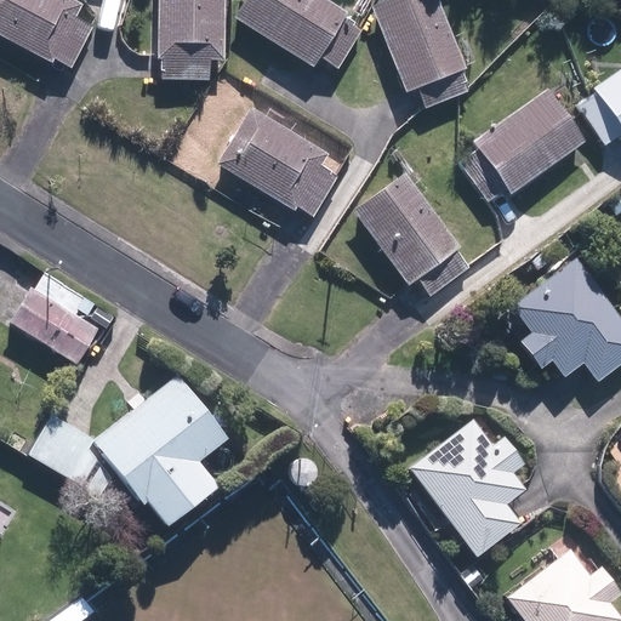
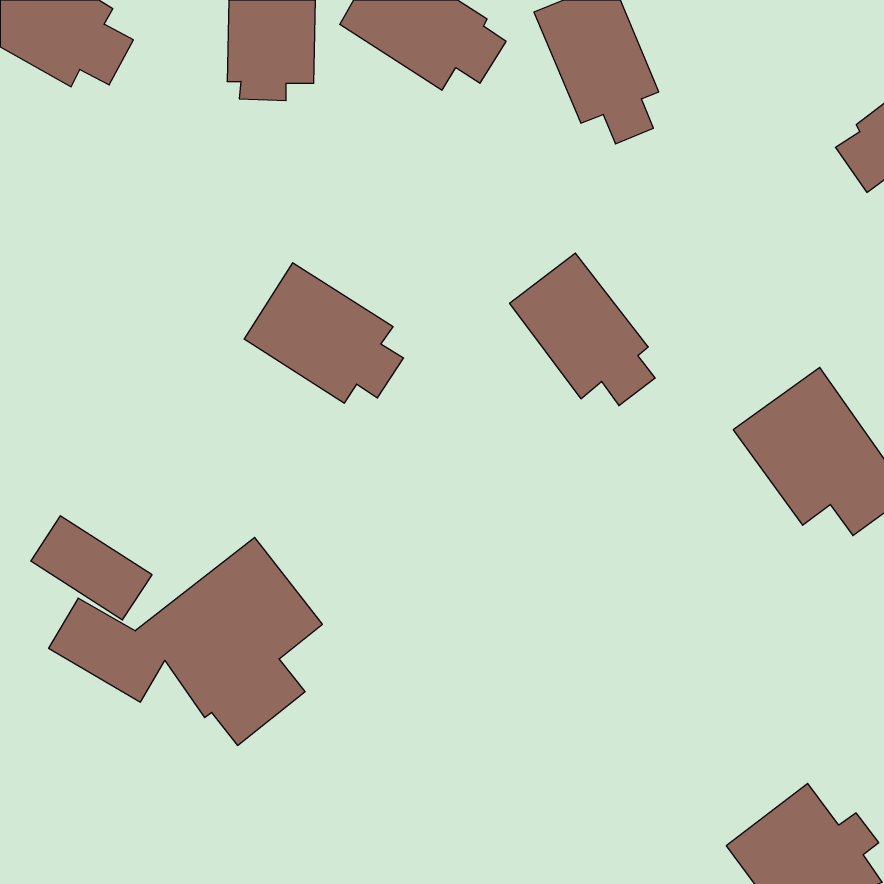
building: [471,95,576,188] -> none
building: [222,110,334,209] -> [244,263,404,403]
building: [13,291,98,364] -> [31,516,152,620]
building: [410,421,520,552] -> none

